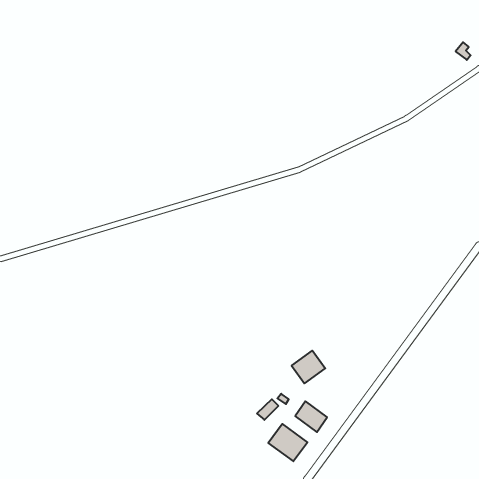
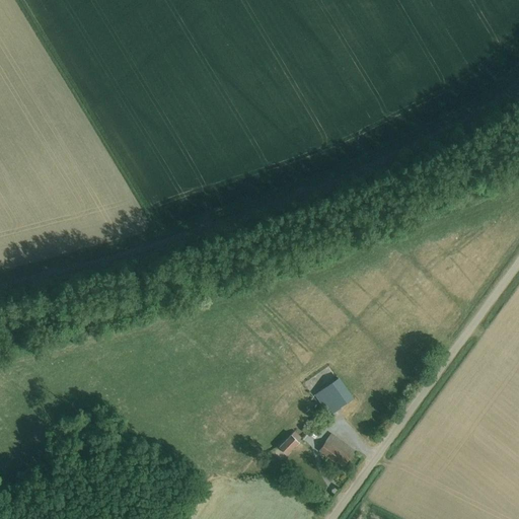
building: [268,424,307,461] -> none

